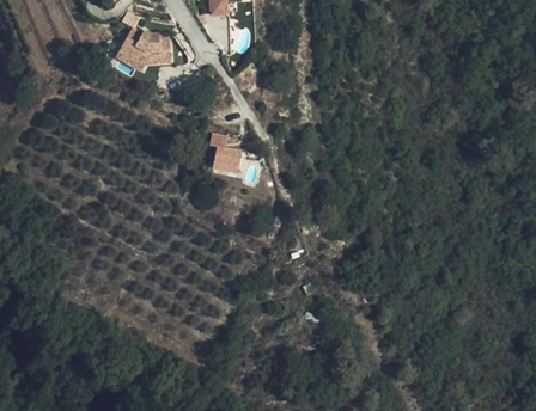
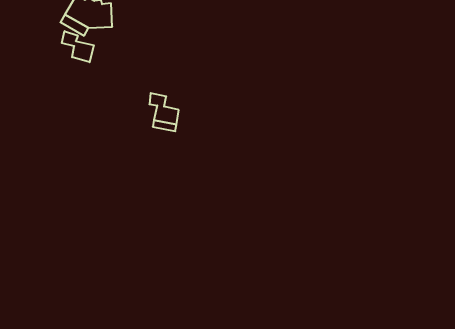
building: none -> [62,31,94,62]

